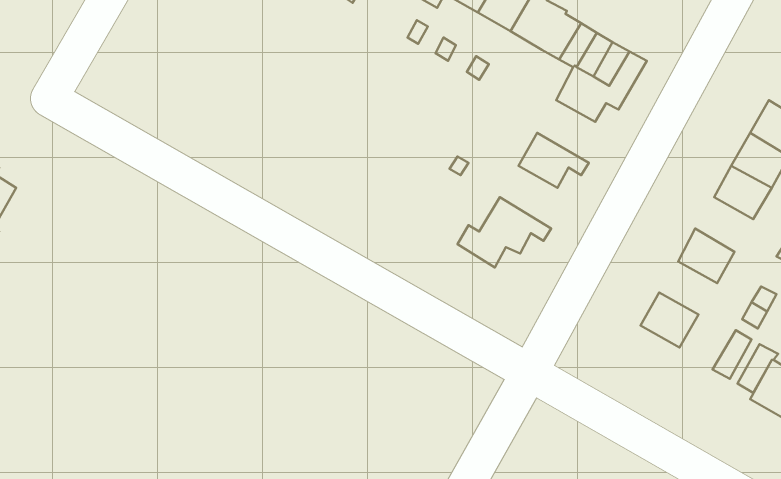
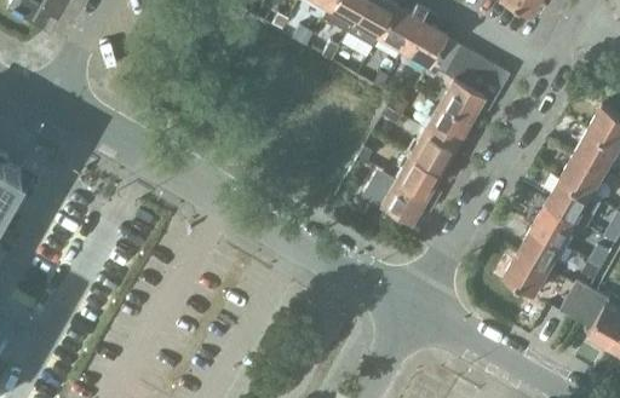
building: none -> [425,103,471,151]
building: none -> [396,154,442,202]
building: none -> [547,178,592,220]
building: none -> [519,227,564,269]

